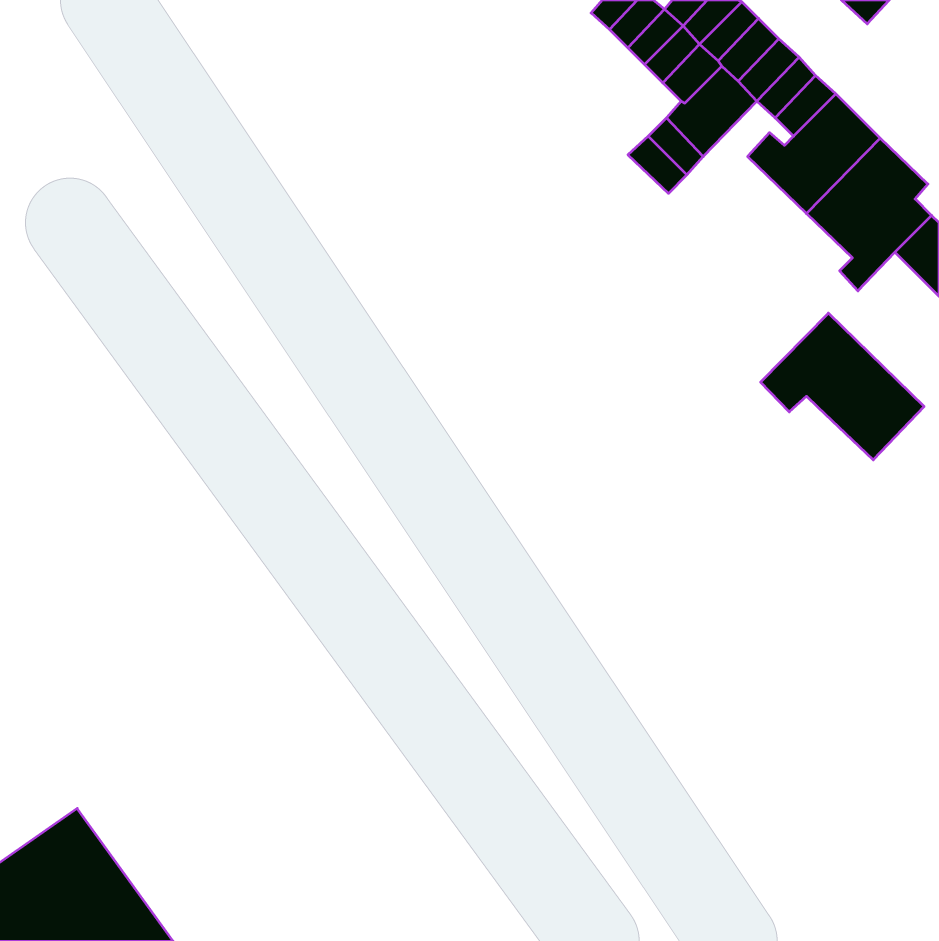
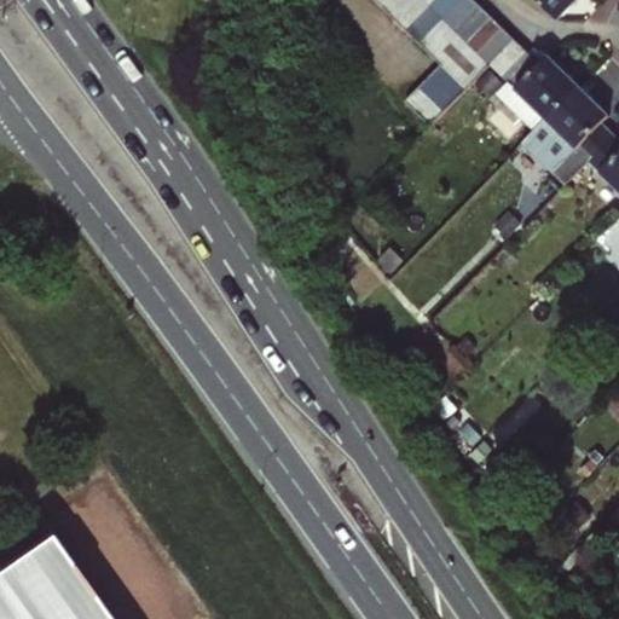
building: [761,313,924,460] -> none

